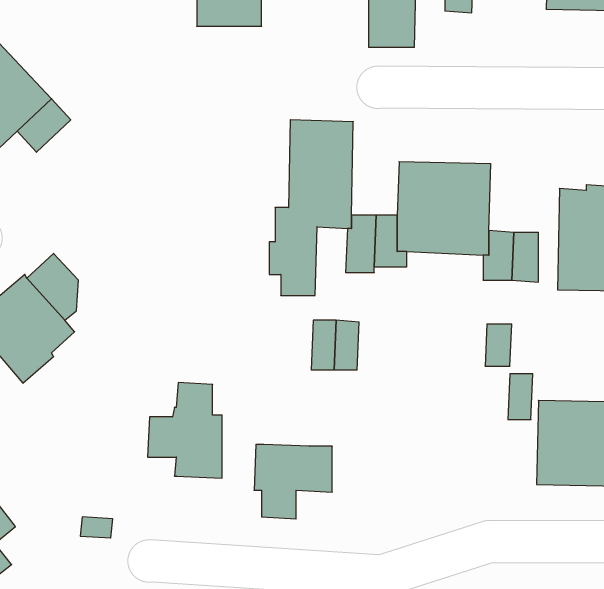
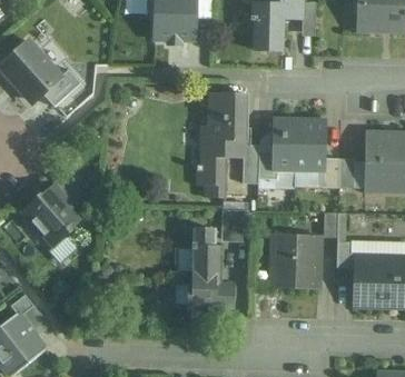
building: none -> [270,232,319,286]
building: [148,383,222,478] -> [177,226,220,281]

